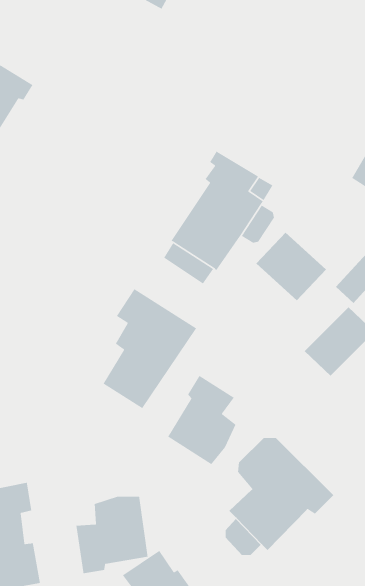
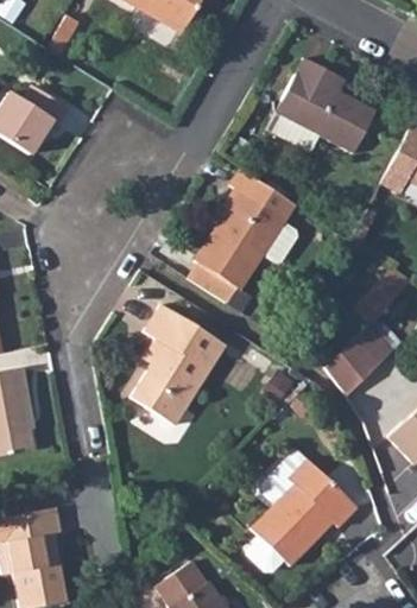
building: none -> [283,71,374,164]
building: [256,232,327,301] -> none
building: [167,375,237,465] -> none
building: [76,496,149,574] -> none

